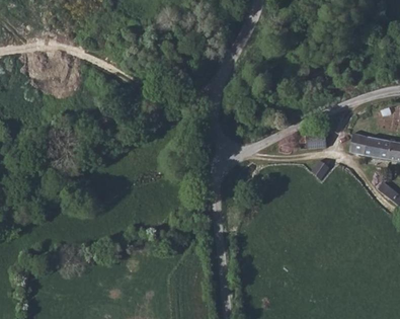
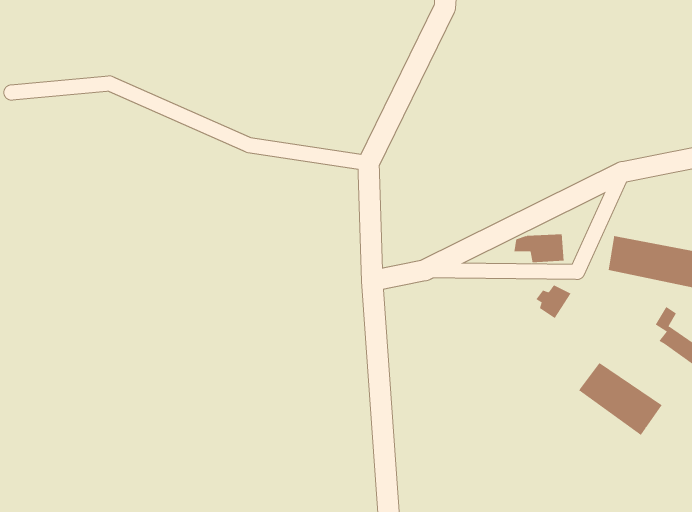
building: none -> [578,362,662,436]

